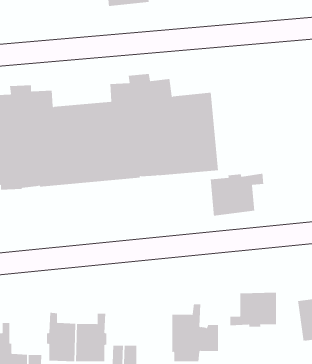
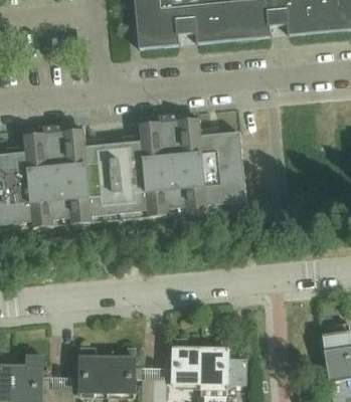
building: [210,173,264,216] -> none
building: [230,292,277,327] -> none
building: none -> [172,337,200,385]

